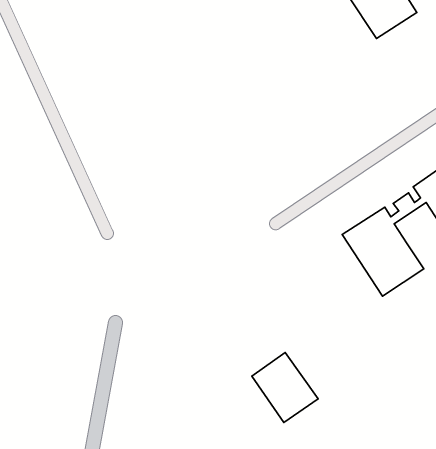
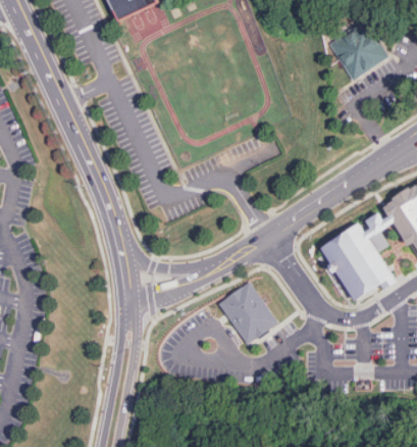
building: [252,352,318,423] -> [216,285,273,345]

